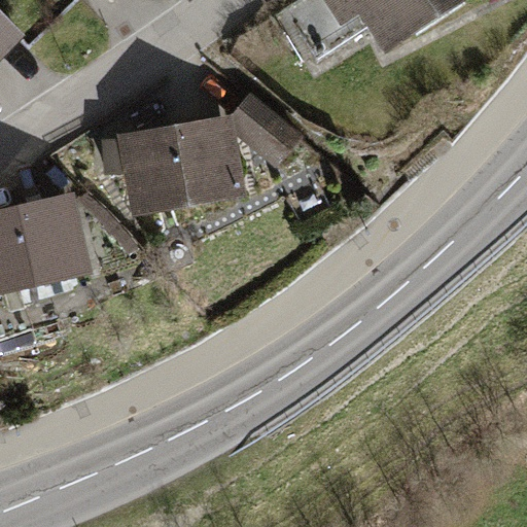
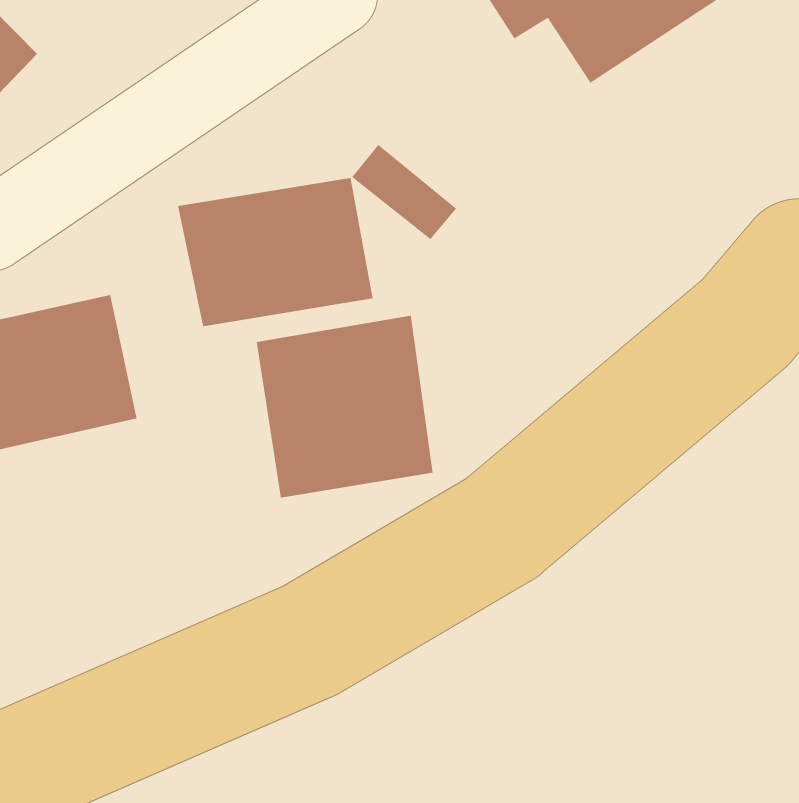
building: none -> [256,315,433,499]

